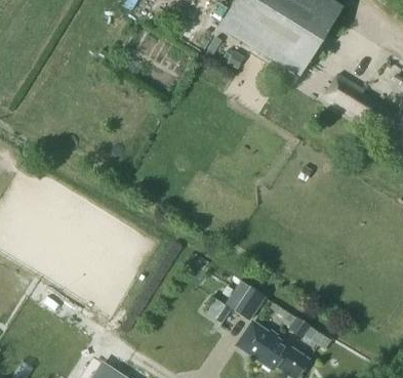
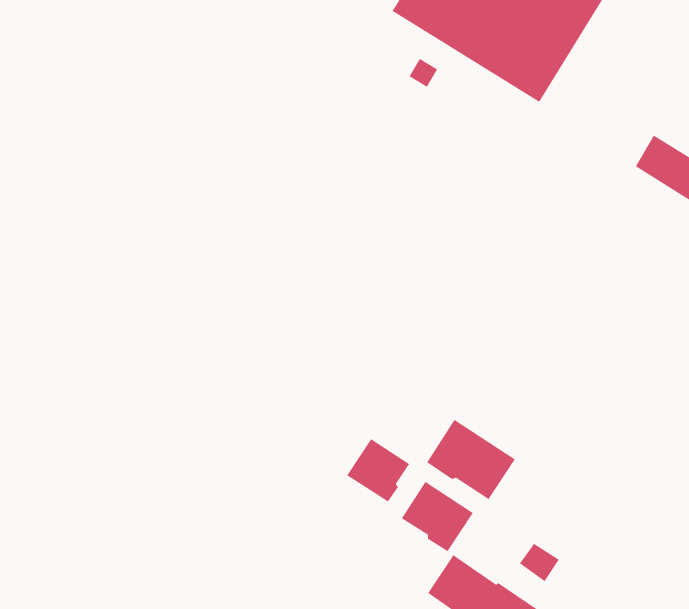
building: none -> [426,419,516,500]
building: none -> [346,438,410,503]

